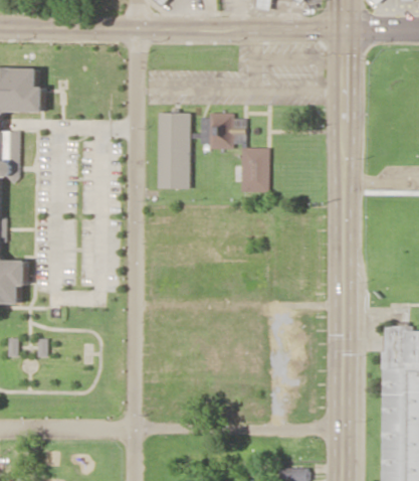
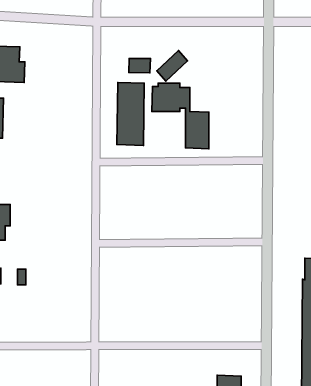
building: none -> [157,51,187,81]
building: none -> [129,58,150,73]

